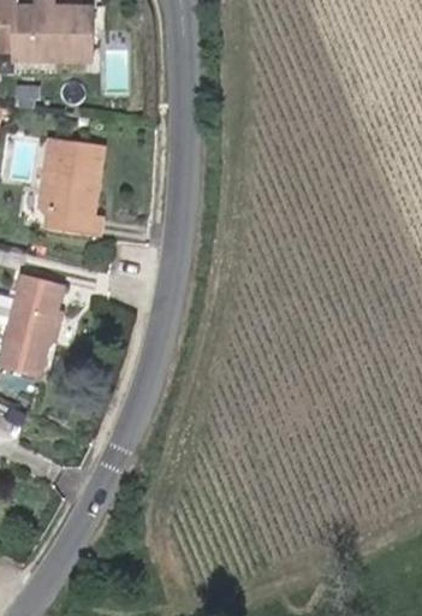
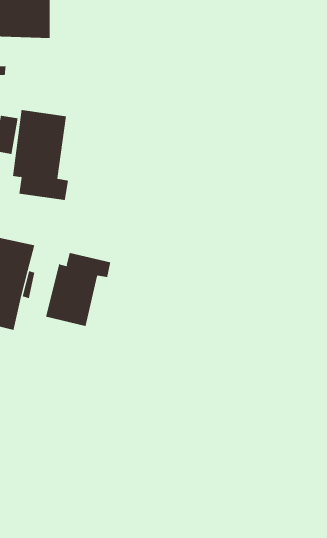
building: none -> [46,252,111,327]

